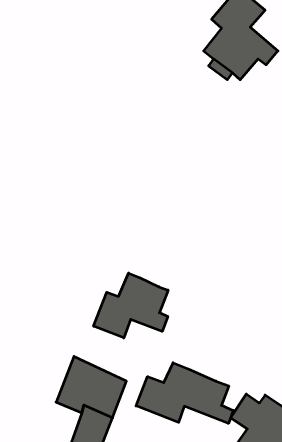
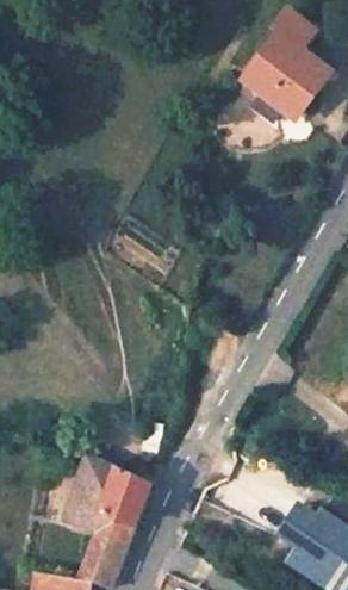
building: [94,273,168,338] -> none
building: [136,363,233,423] -> none

